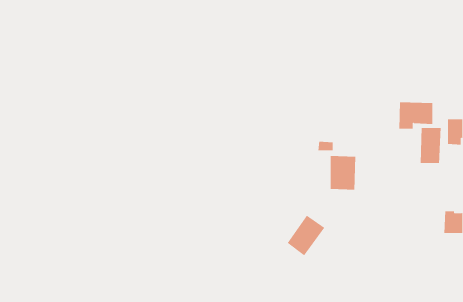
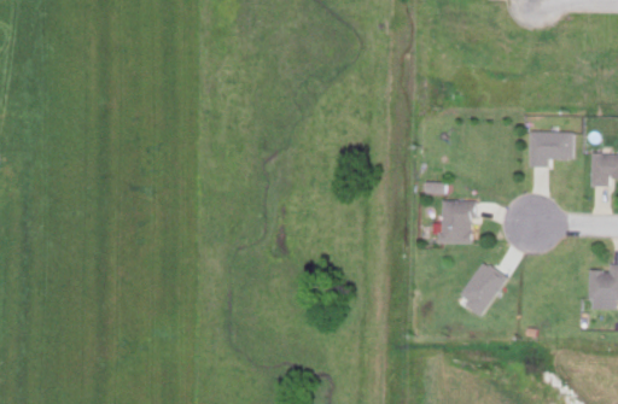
building: [420,127,441,164] -> none
building: [287,215,325,256] -> [459,262,508,315]

